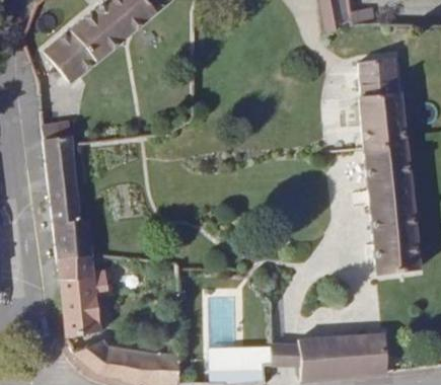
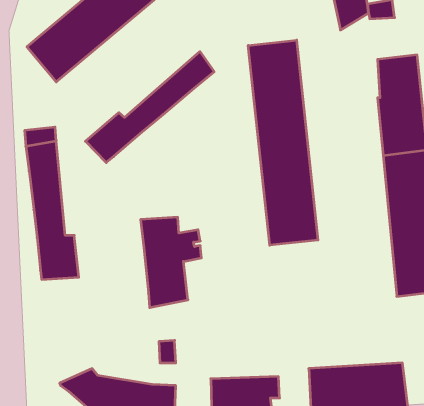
building: none -> [248,40,318,245]
building: none -> [85,52,214,163]
building: [59,257,114,338] -> [141,217,201,308]

